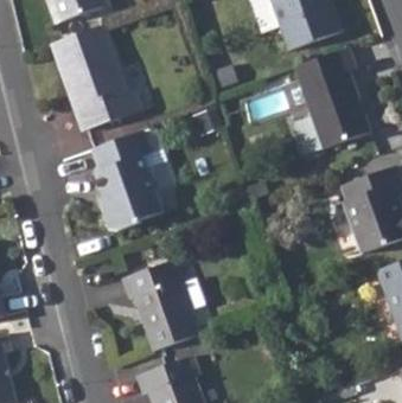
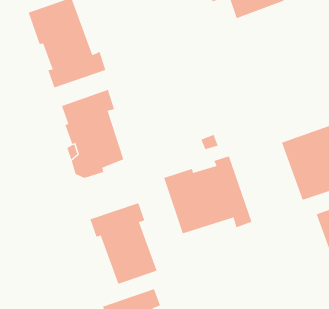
building: [293,47,370,156] -> none
building: none -> [164,155,252,234]

